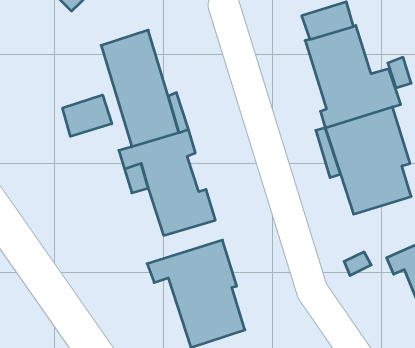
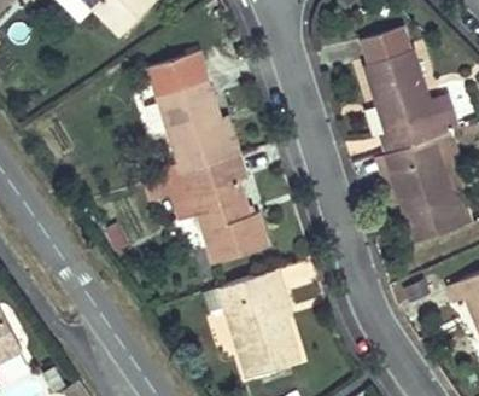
building: [63,95,112,136] -> none

